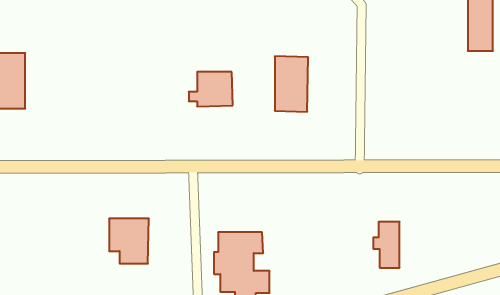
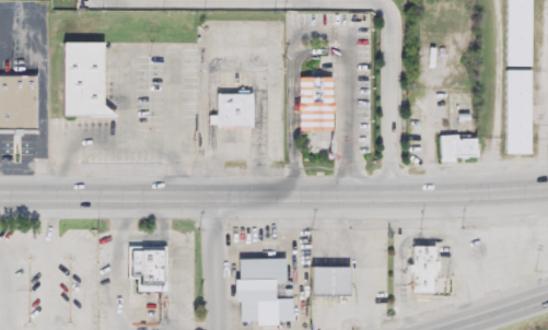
building: none -> [69,38,125,116]
building: none -> [504,70,532,154]
building: none -> [439,135,477,161]
building: none -> [317,263,355,295]

